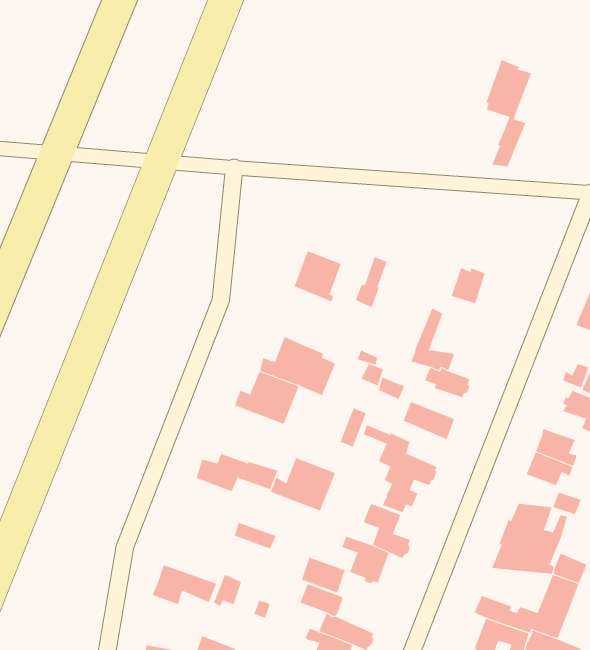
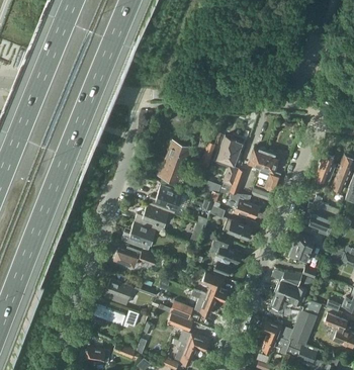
building: [486,60,532,167] -> [217,135,242,192]
building: none -> [260,151,281,191]
building: none -> [158,157,186,183]
building: [270,458,336,511] -> [121,220,156,249]
building: none -> [105,278,132,304]

